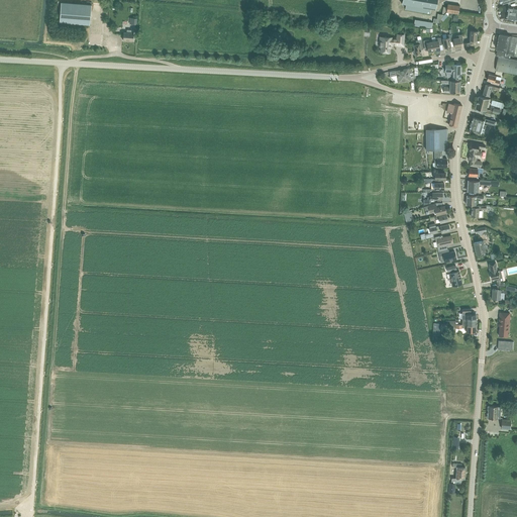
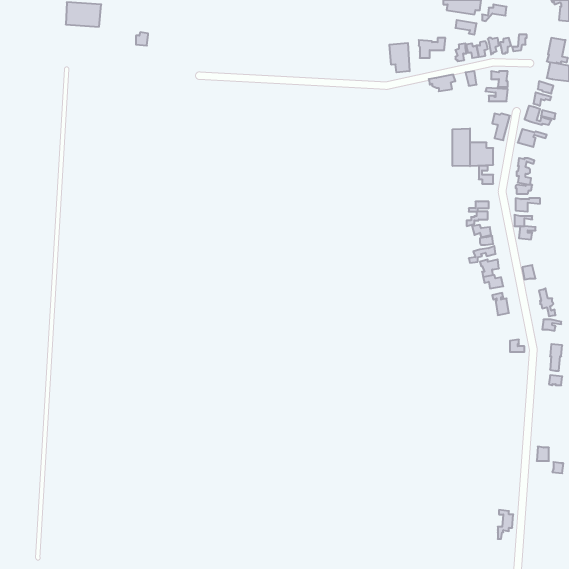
building: none -> [389,43,410,72]
building: none -> [453,128,470,166]

